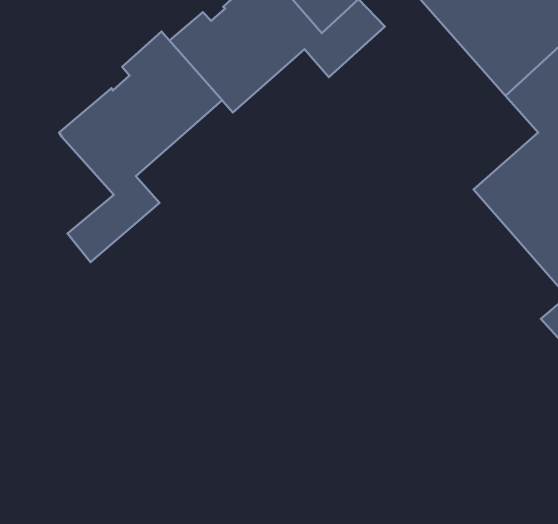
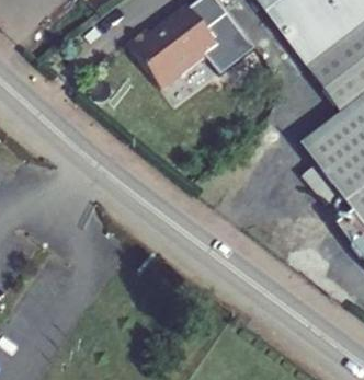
building: [59,31,222,262] -> none

